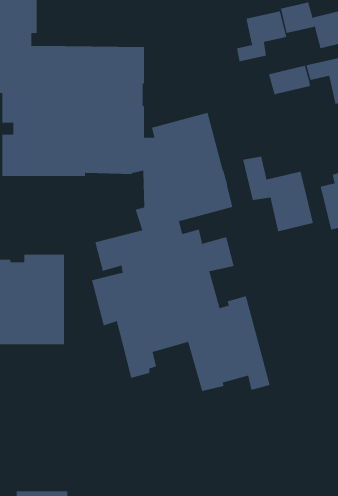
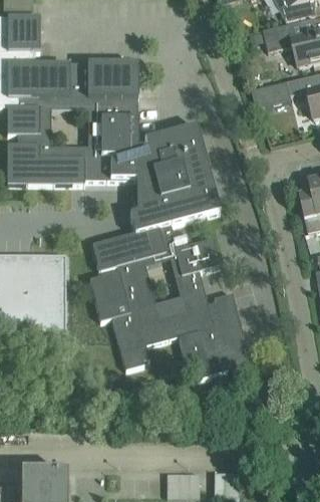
building: [237,10,287,62] -> none
building: [242,156,313,232] -> none

